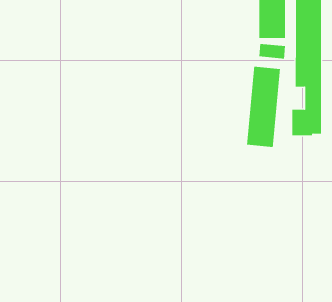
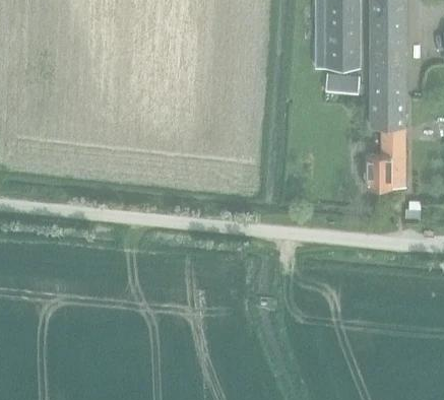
building: [247,66,281,148] -> none

